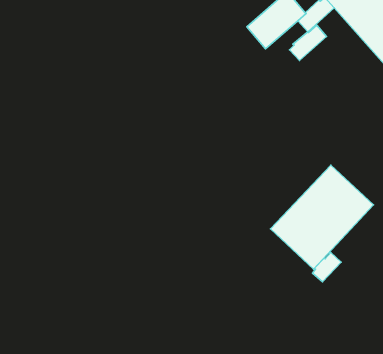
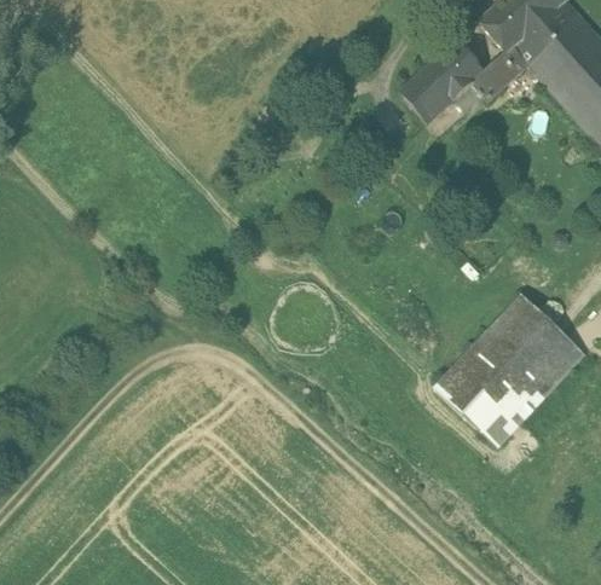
building: [290,25,327,60] -> none
building: [312,252,341,282] -> none

